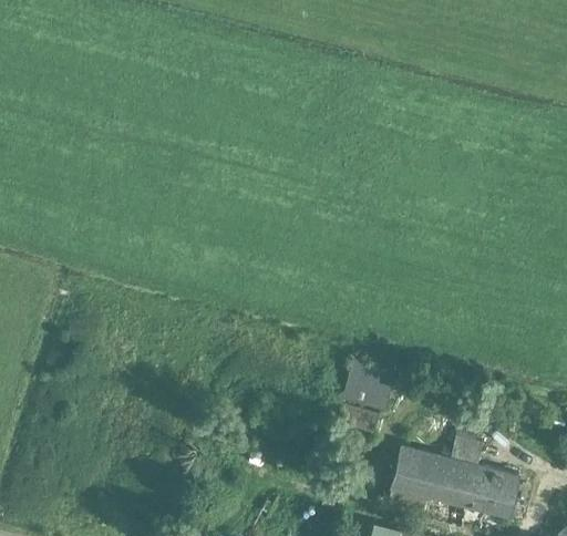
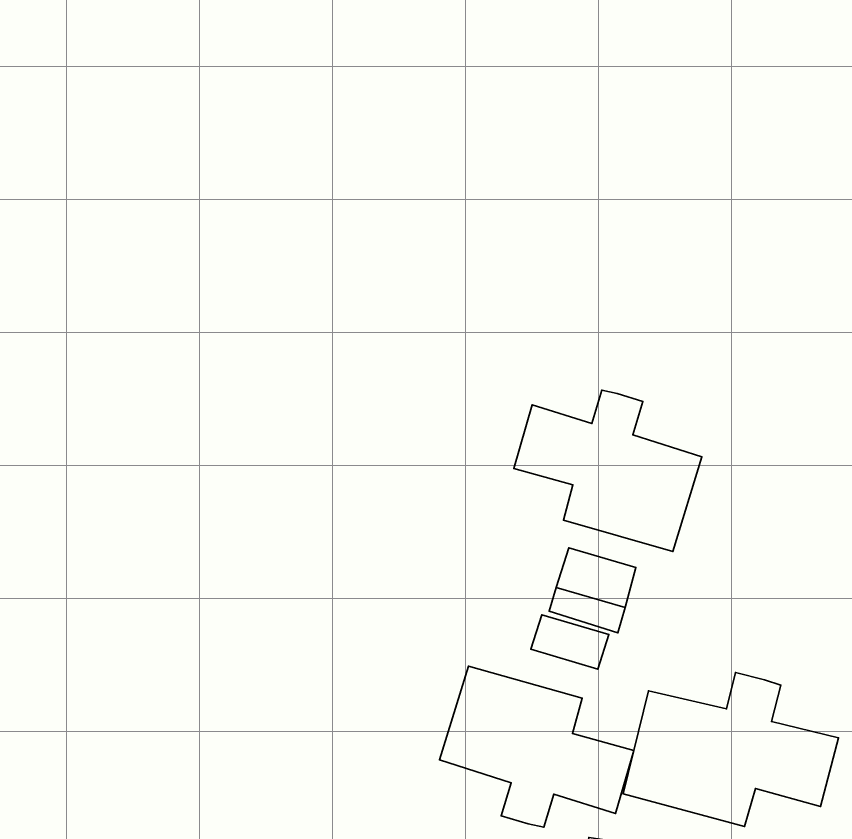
building: none -> [514,390,702,551]
building: none -> [440,666,634,827]

